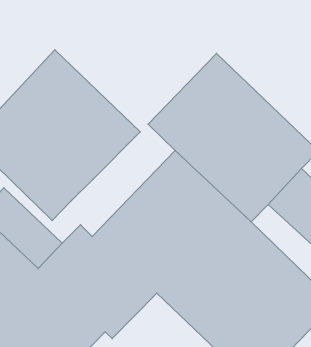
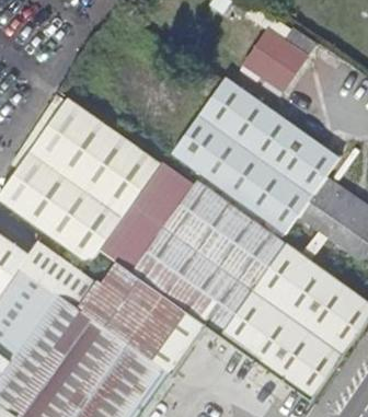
building: none -> [240,25,306,90]
building: none -> [104,157,199,276]

